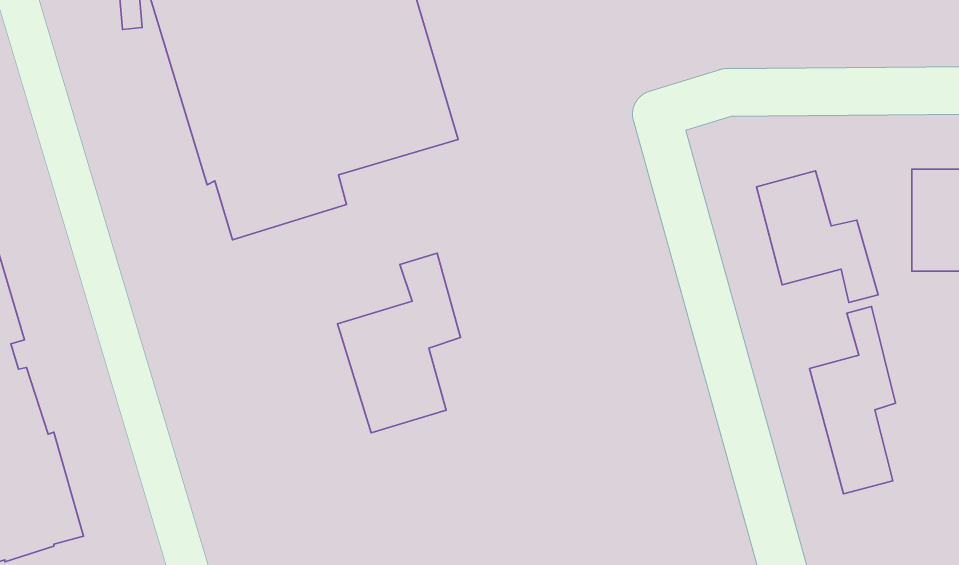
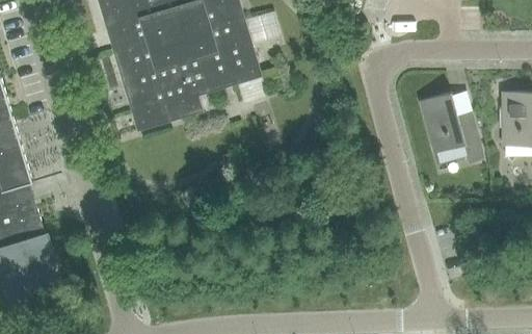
building: [337,253,461,433] -> none
building: [810,306,896,494] -> none

